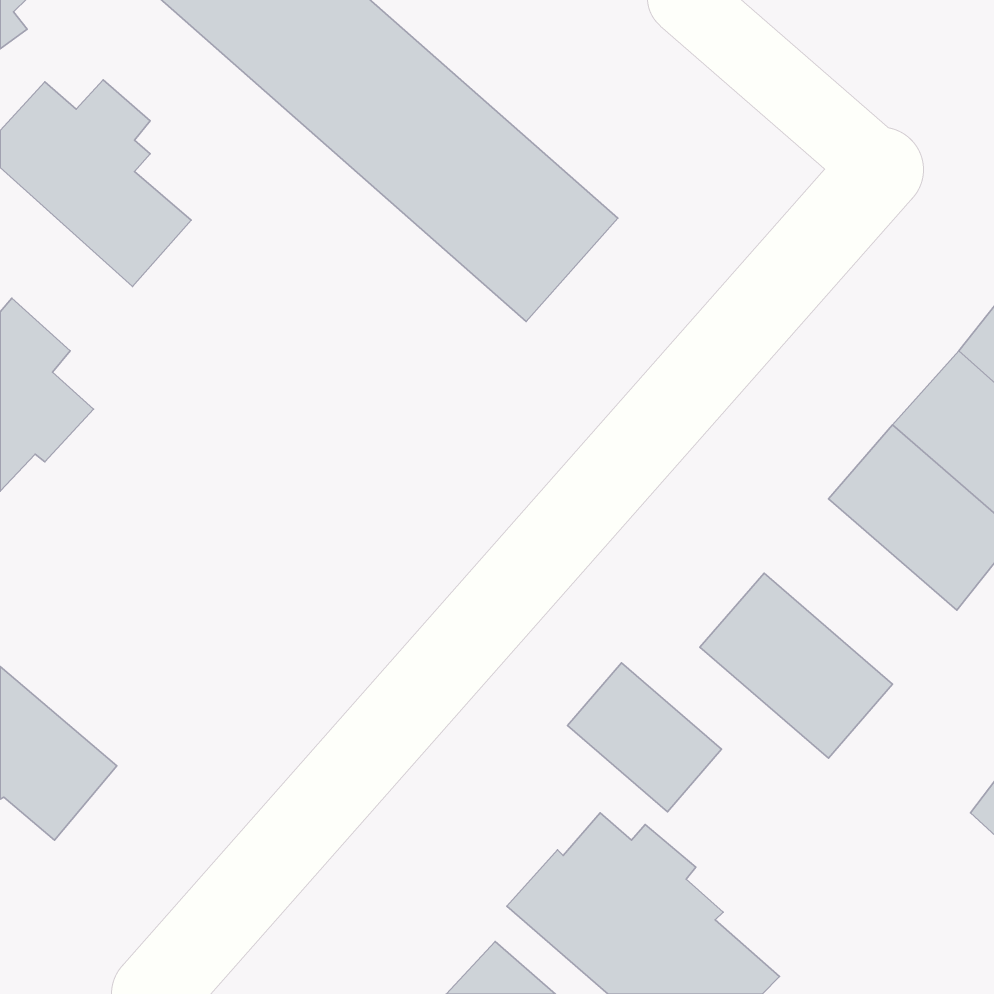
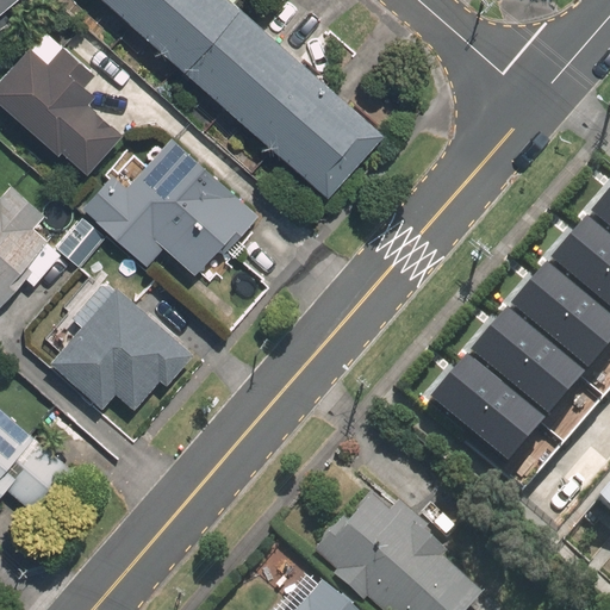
building: none -> [75,133,264,276]
building: none -> [49,280,197,405]
building: none -> [468,305,586,418]
building: [567,663,721,812] -> none

